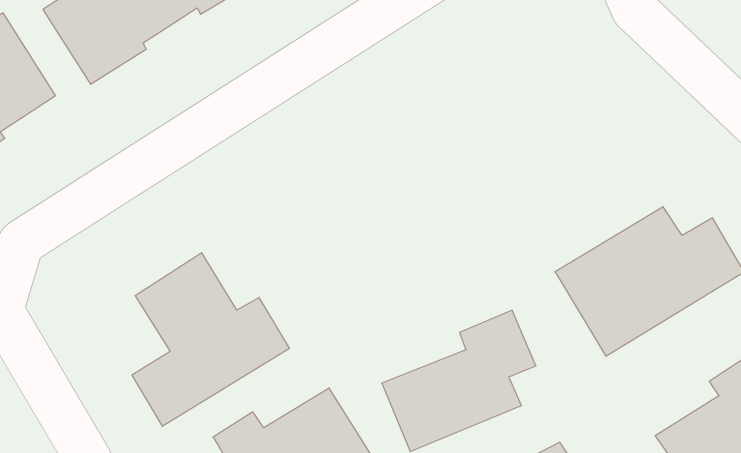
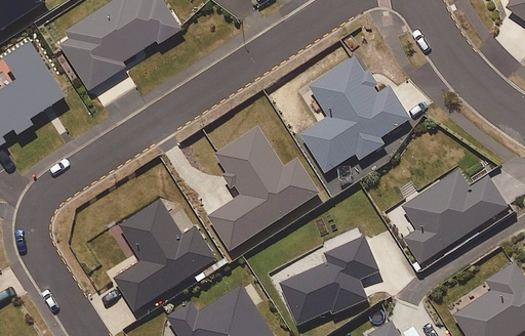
building: none -> [298,53,411,172]
building: none -> [207,126,319,250]

